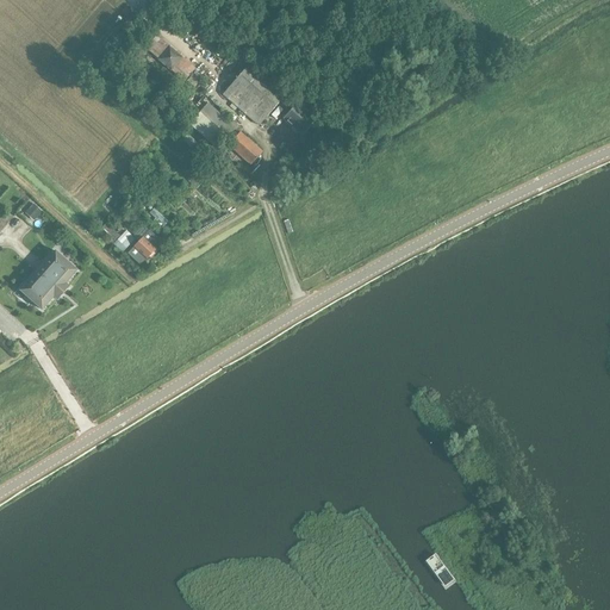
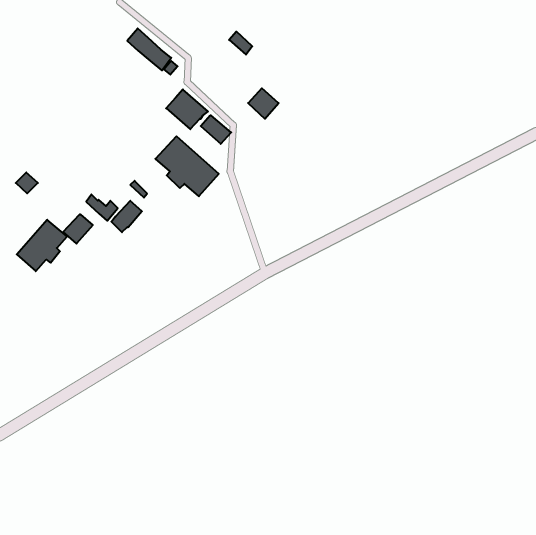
building: [222,63,282,124] -> none
building: none -> [155,136,219,196]
building: none -> [63,214,93,244]

